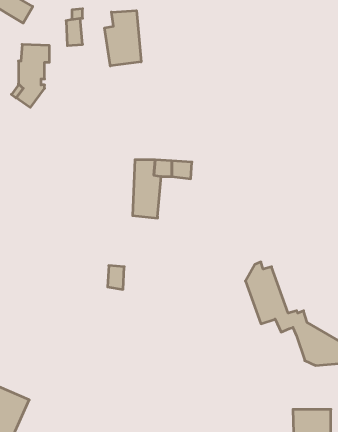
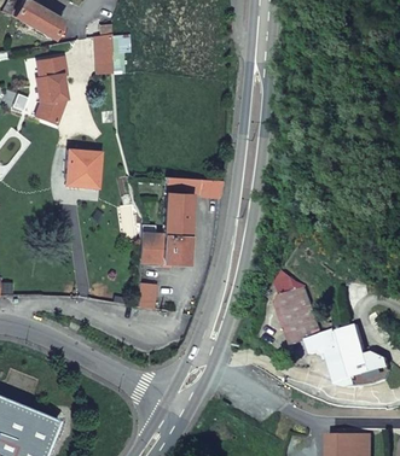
building: [105,11,141,66] -> none
building: none -> [66,151,102,188]
building: none -> [141,234,193,265]

